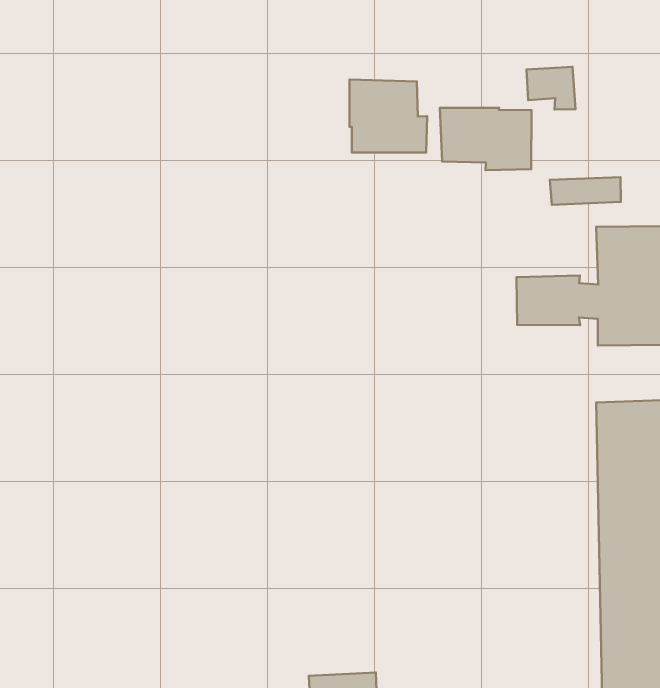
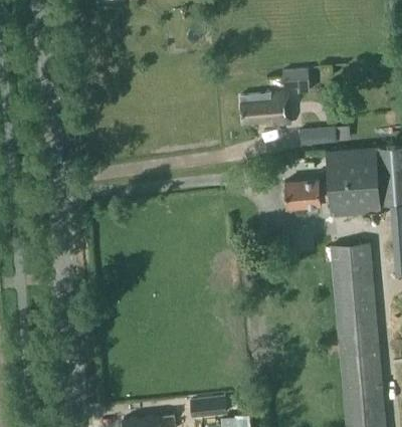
building: [349,80,427,153] -> none

